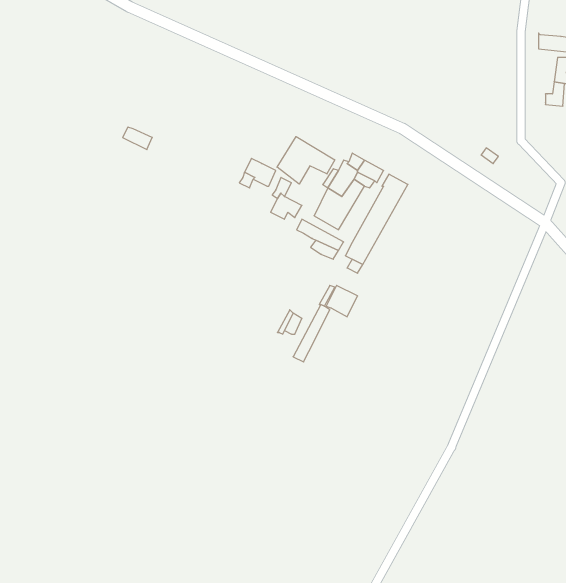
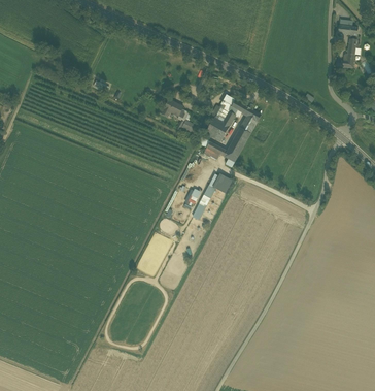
building: [277,137,335,184] -> none

